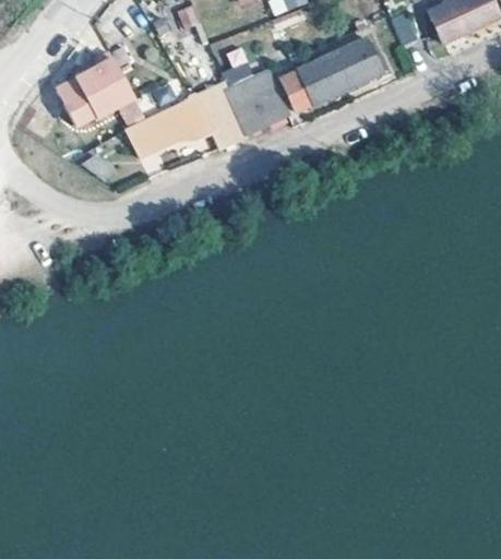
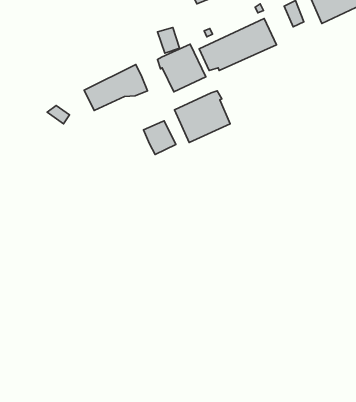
building: [57,49,143,124] -> none
building: [204,102,247,146] -> [144,121,176,154]
building: none -> [175,91,230,143]

